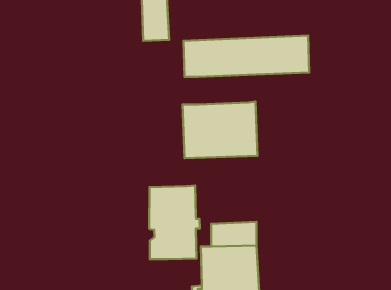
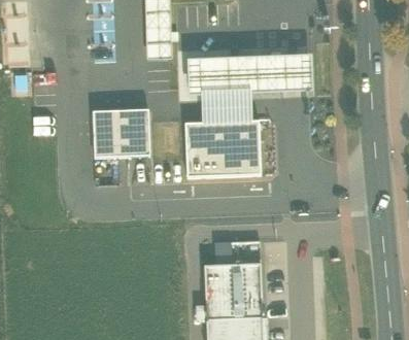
building: none -> [201,92,251,122]
building: none -> [92,107,149,156]
building: [149,186,200,259] -> none

